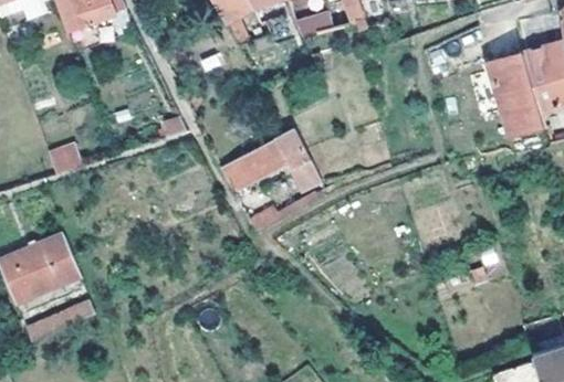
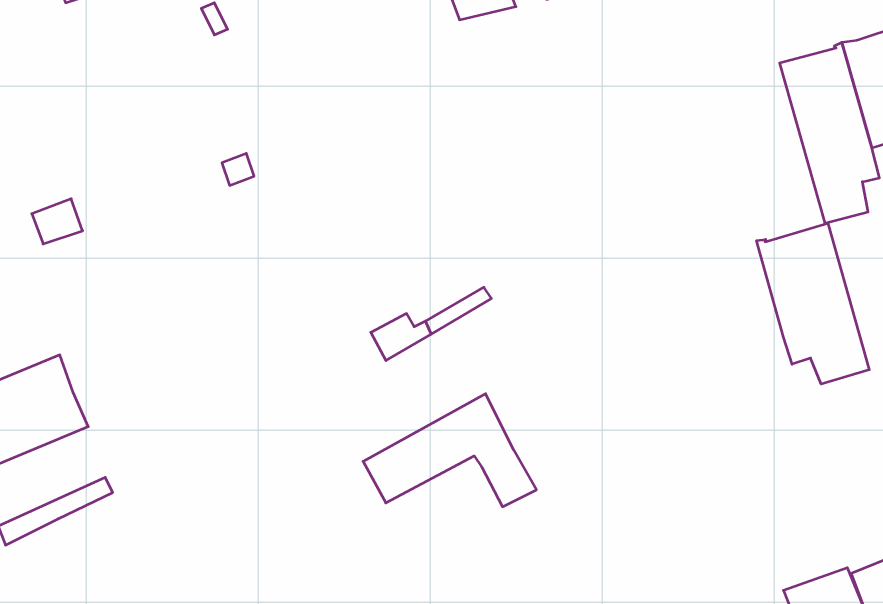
building: [220,128,322,194] -> [363,394,536,507]
building: none -> [757,223,869,384]

